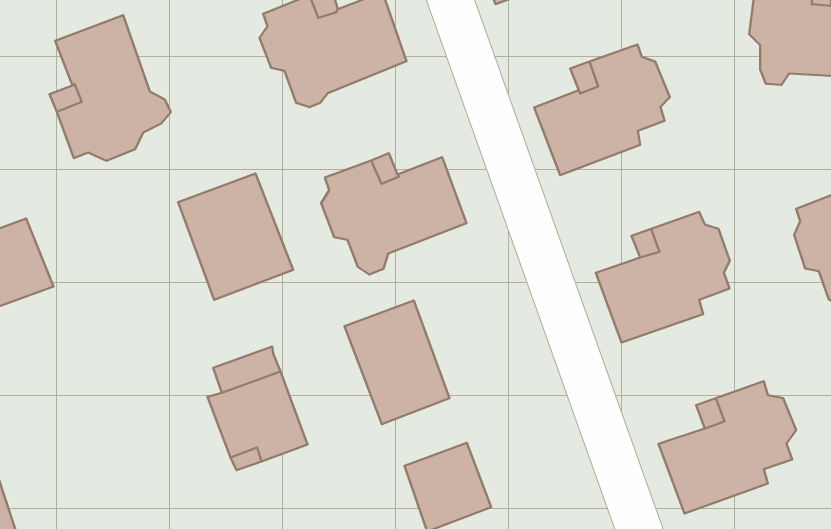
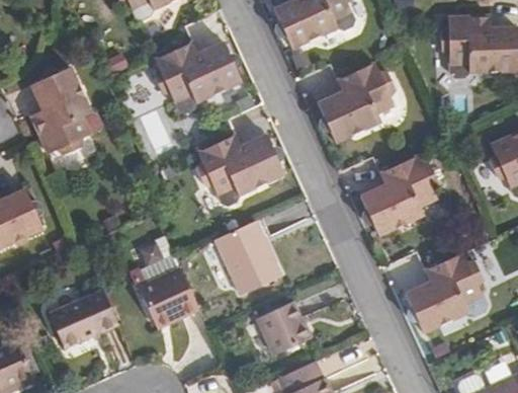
building: [178,173,293,300] -> none
building: none -> [50,289,118,347]

